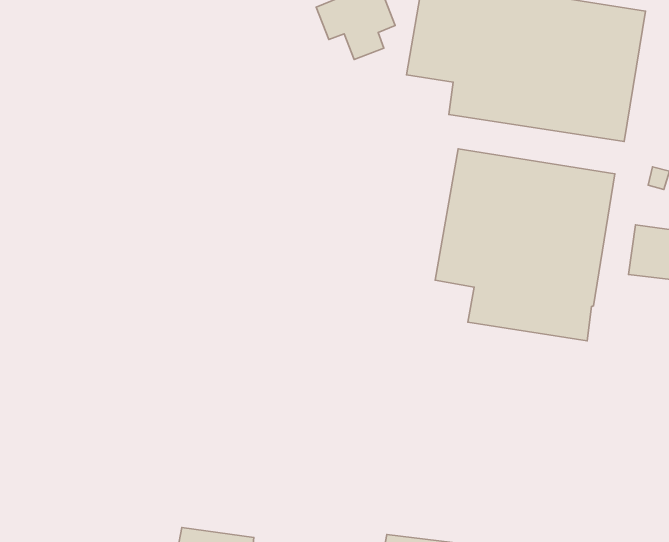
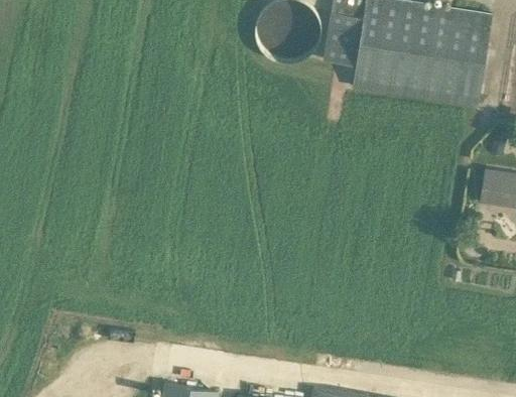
building: [435,149,615,341] -> none

